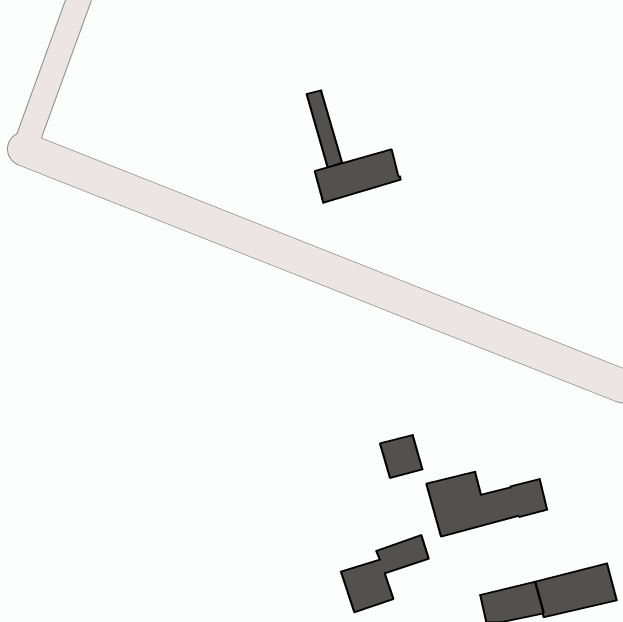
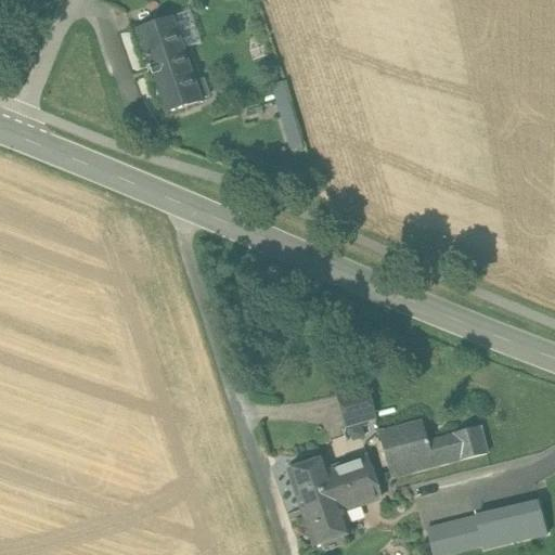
building: none -> [135,15,202,112]
building: [315,149,401,203] -> none
building: none -> [292,455,374,507]

